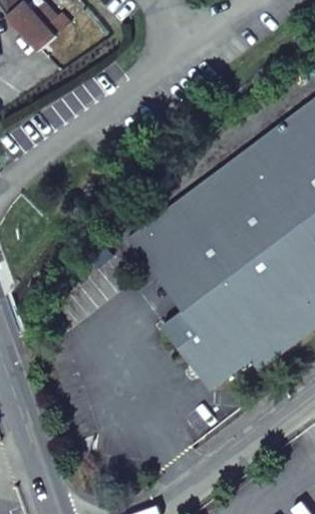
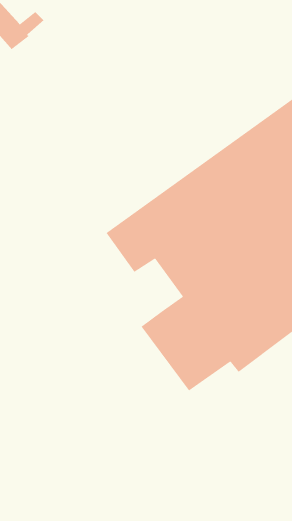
building: [159,258,205,308] -> none

